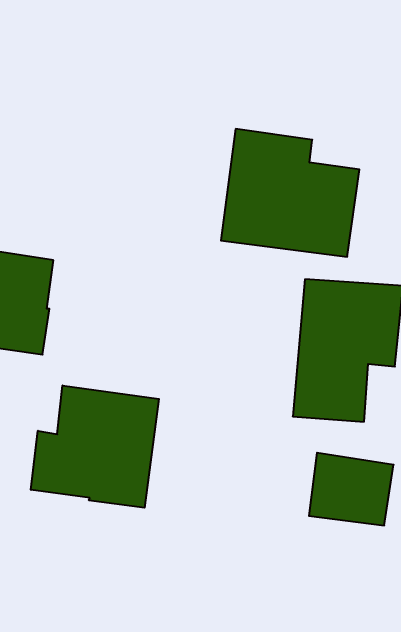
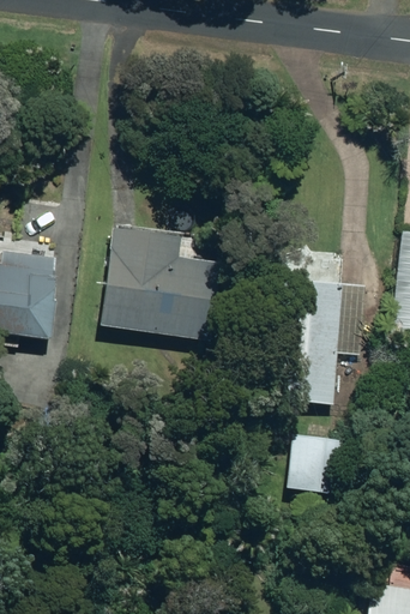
building: [221,129,359,257] -> [100,225,223,339]
building: [31,385,159,508] -> none

